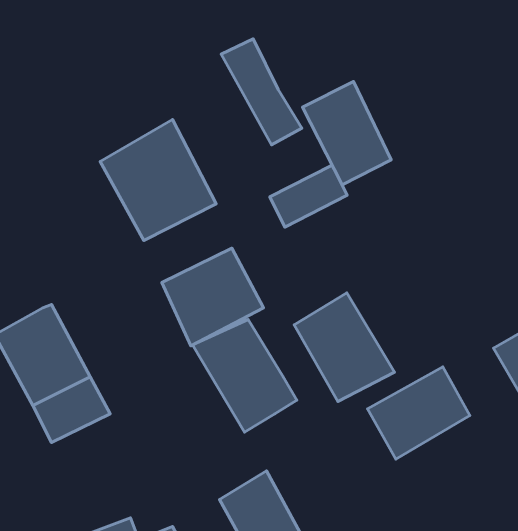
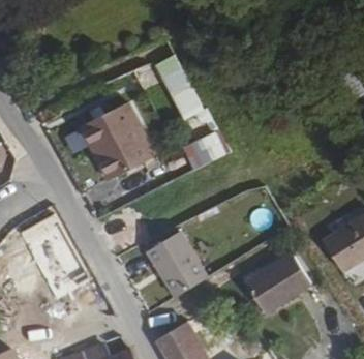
building: [302,81,391,185] -> none
building: [162,248,264,346] -> none
building: [294,293,394,402] -> none

